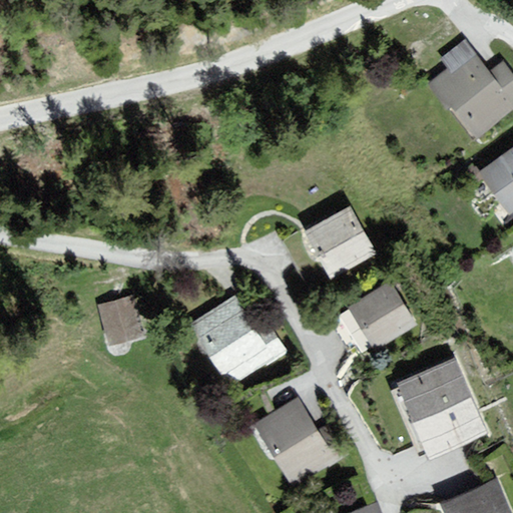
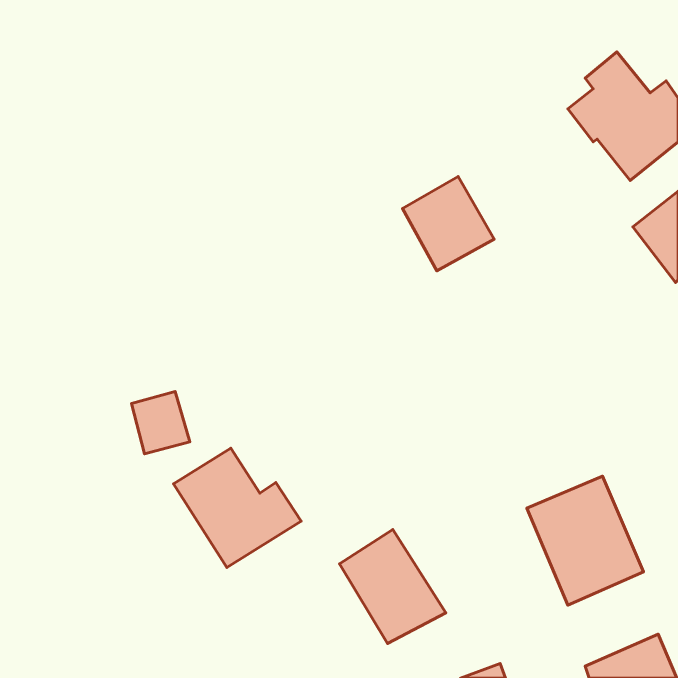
building: [305,205,374,277] -> [402,177,494,271]
building: [348,282,415,349] -> none
building: [190,296,287,386] -> [174,448,301,568]

